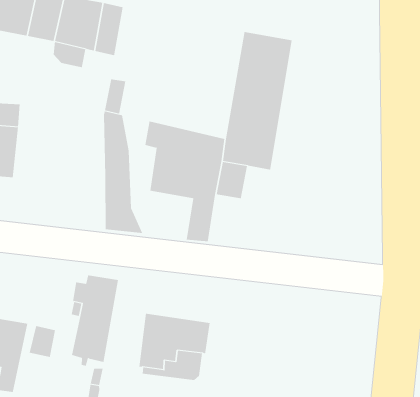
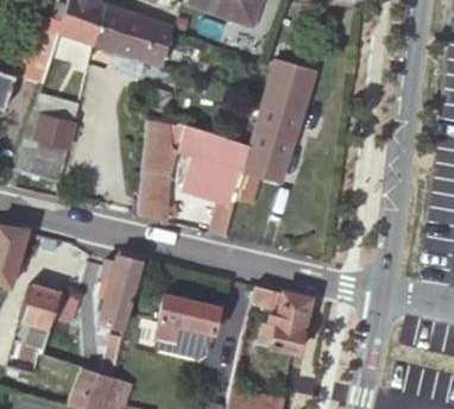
building: none -> [253,284,310,350]

